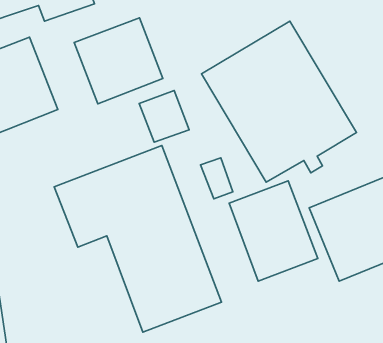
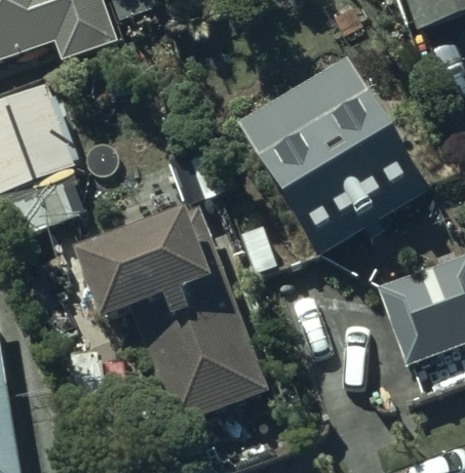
building: [74,18,163,104] -> none
building: [229,181,318,281] -> none

